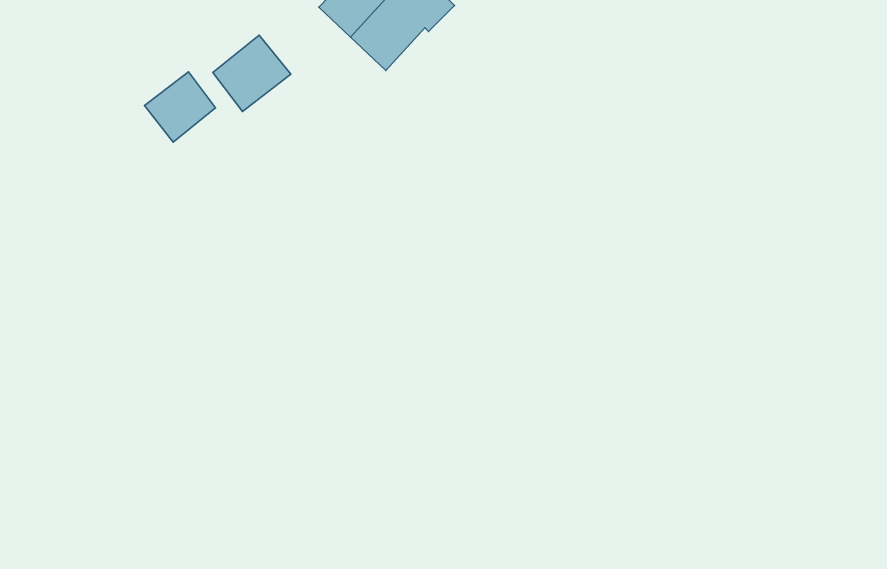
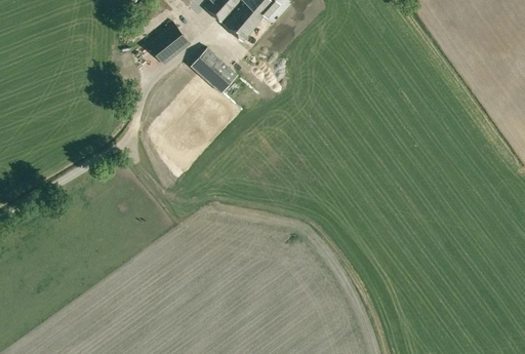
building: [144,72,215,142] -> none
building: none -> [190,48,237,93]

